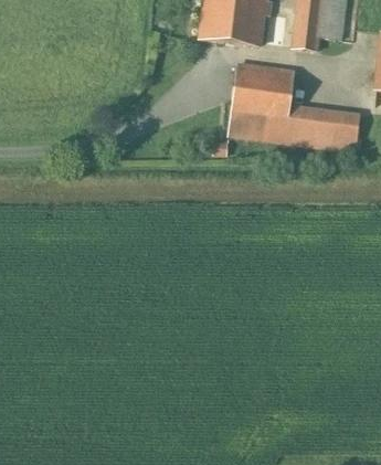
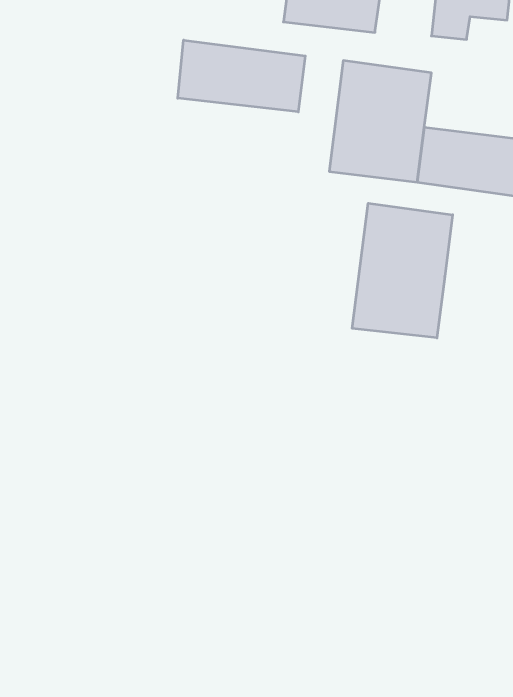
building: none -> [178,40,305,112]
building: none -> [352,203,453,338]

